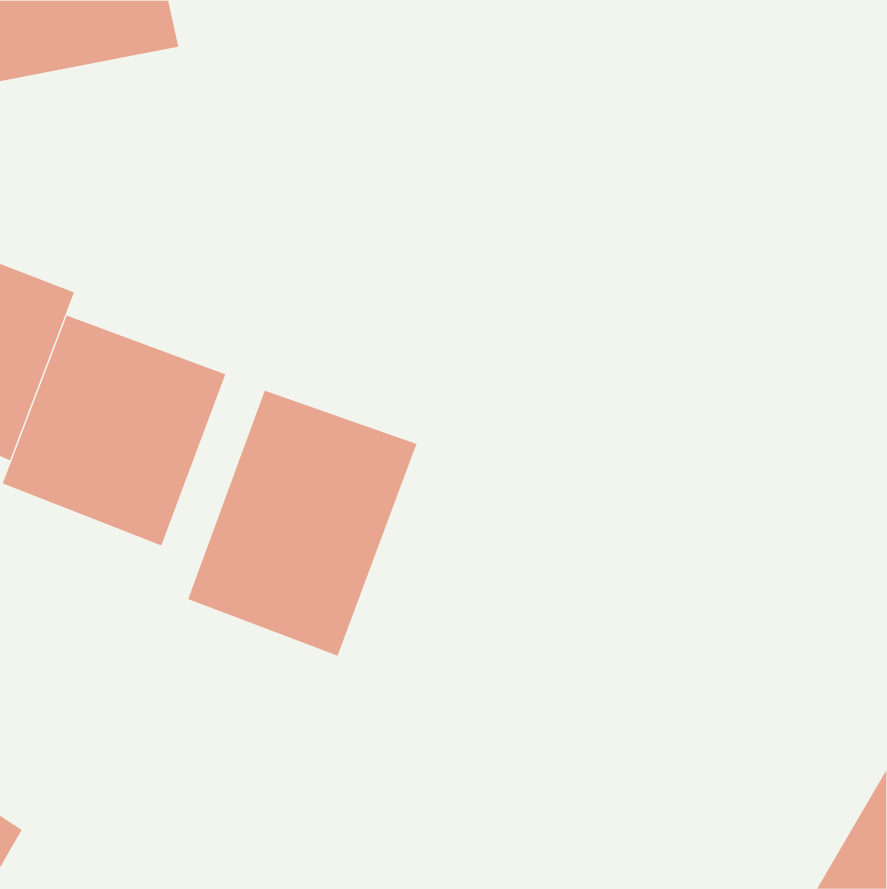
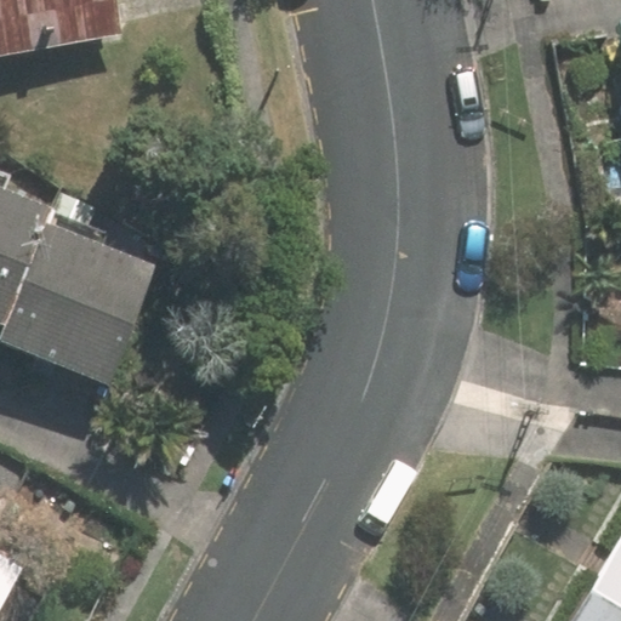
building: [187,390,417,656] -> none

